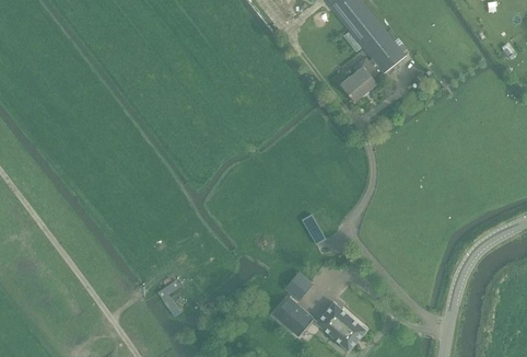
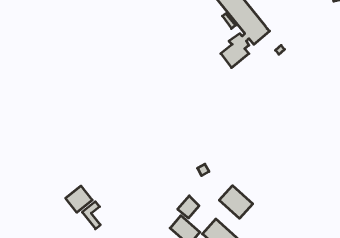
building: none -> [219,186,253,218]
building: none -> [66,186,92,212]

